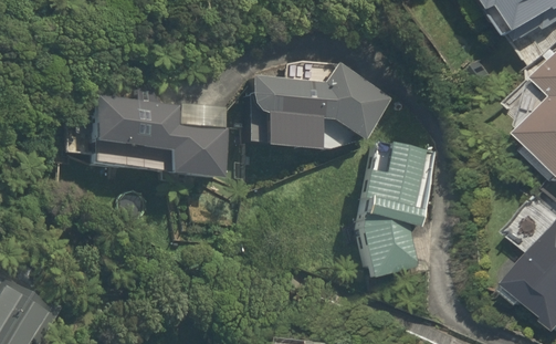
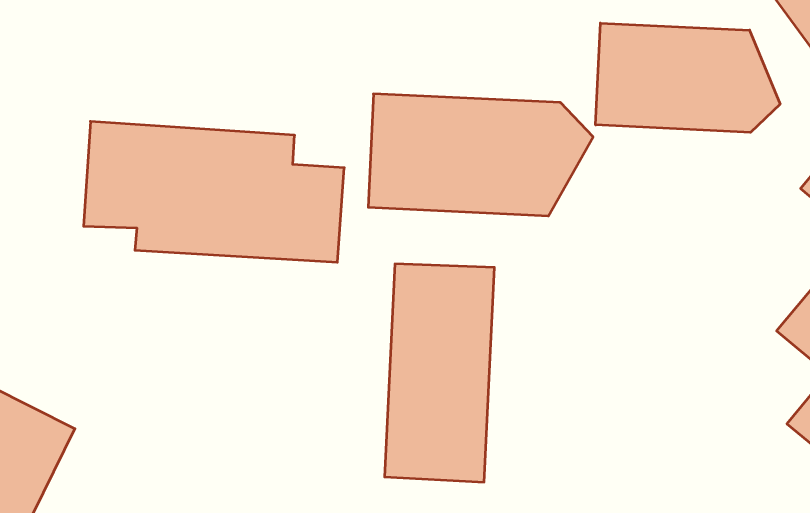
building: none -> [596,23,780,132]
building: [360,139,431,280] -> [385,264,494,482]

